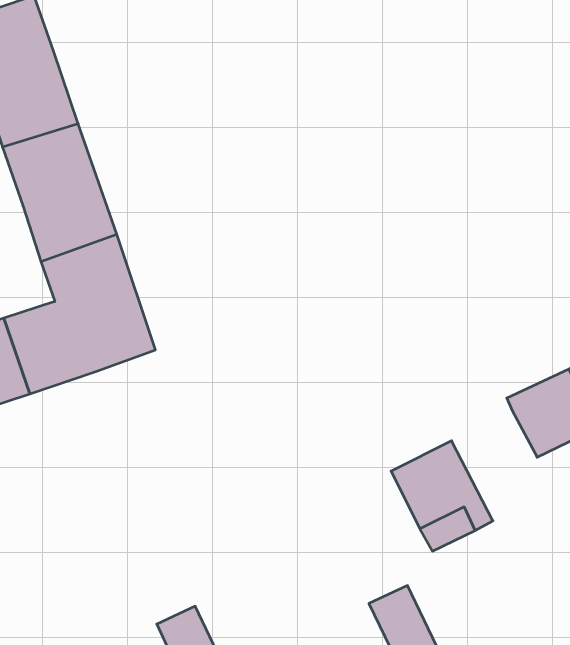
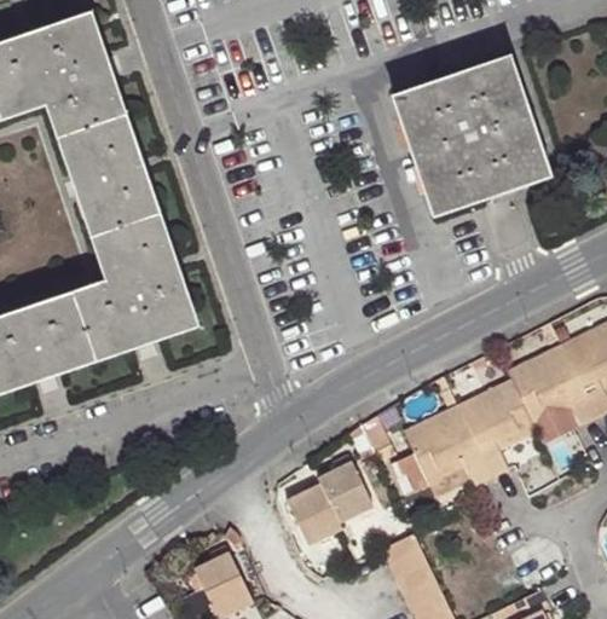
building: none -> [391,58,549,215]
building: none -> [455,378,533,475]
building: none -> [288,461,374,545]

